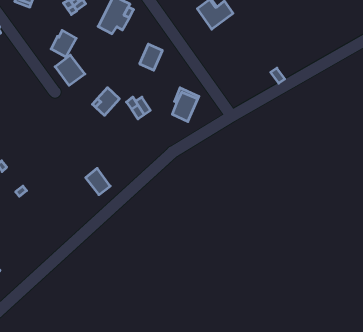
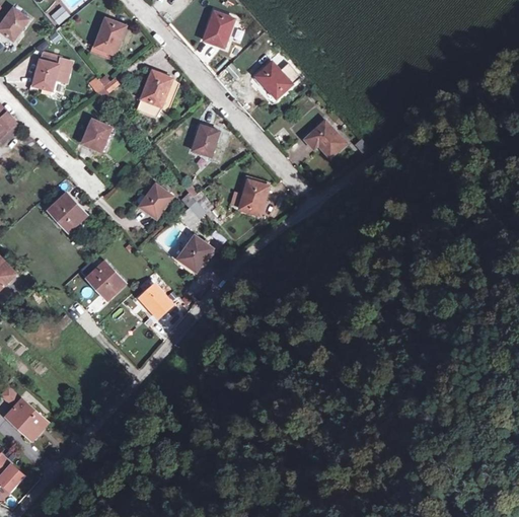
building: none -> [304,121,345,157]
building: [55,55,85,85] -> [49,193,86,230]
building: none -> [170,235,212,275]
building: none -> [87,262,124,299]

